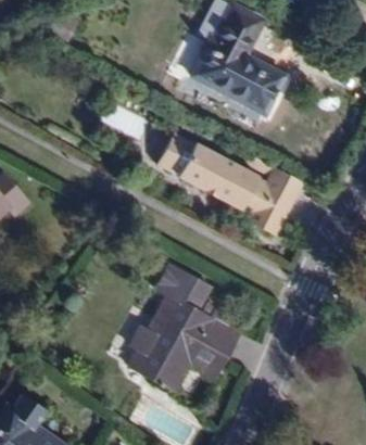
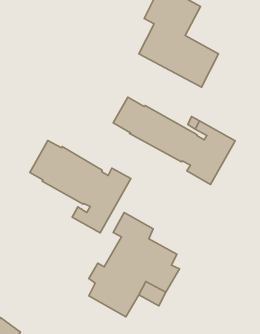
building: none -> [30,140,131,233]

